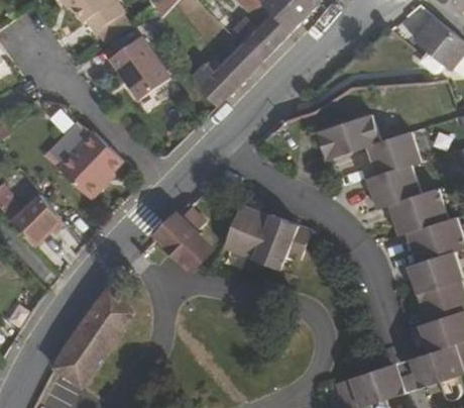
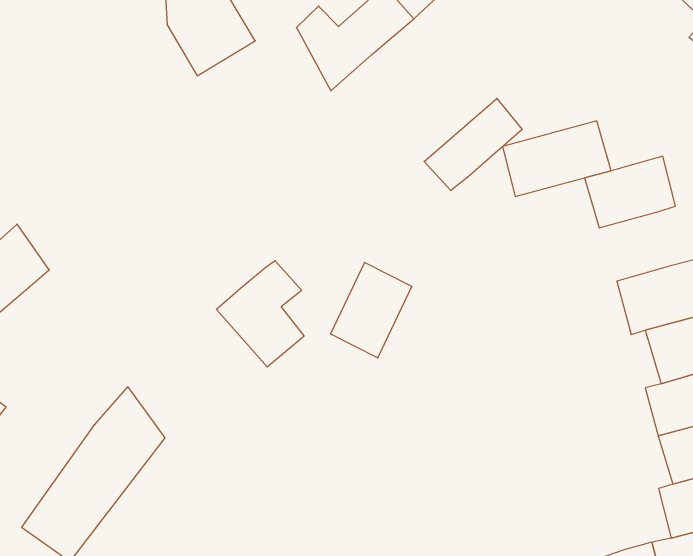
building: none -> [424,98,522,191]
building: [56,128,122,198] -> none
building: [366,165,419,209] -> none
building: [252,213,311,270] -> none

